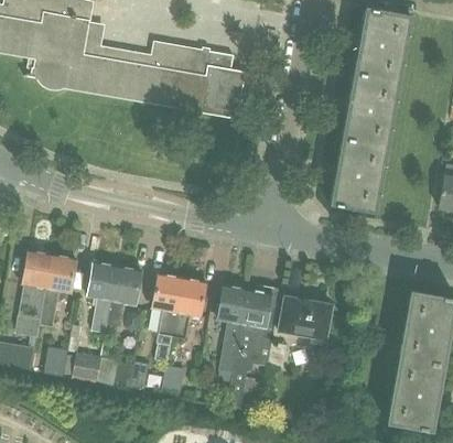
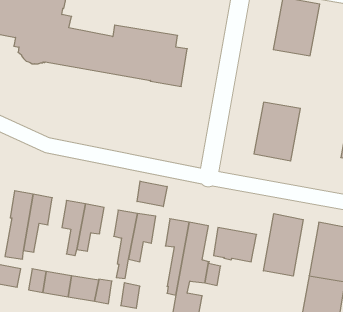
building: [342,73,400,147] -> none
building: none -> [137,181,167,207]
building: none -> [263,214,303,276]

